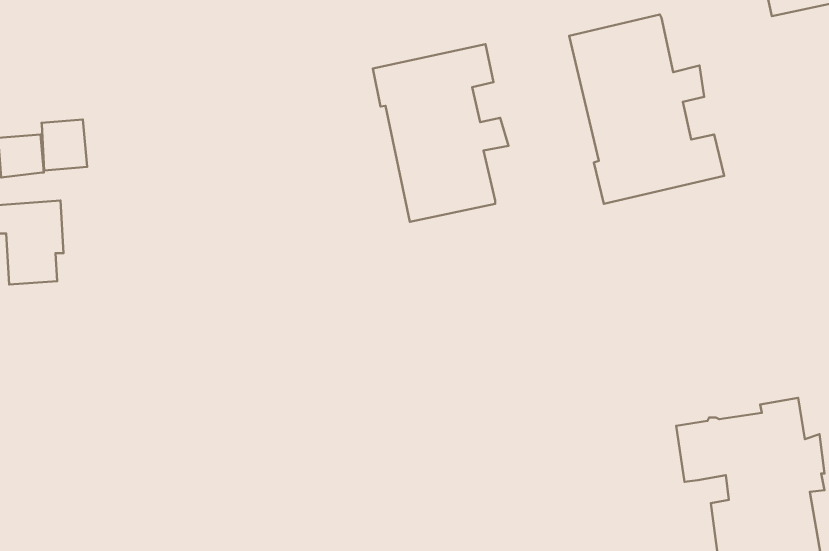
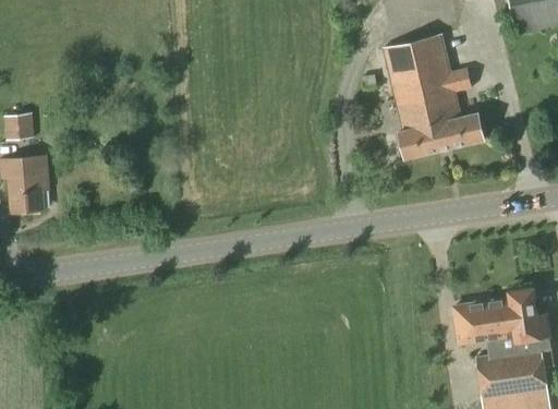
building: [373,44,508,222] -> none
building: [42,120,87,170] -> none

